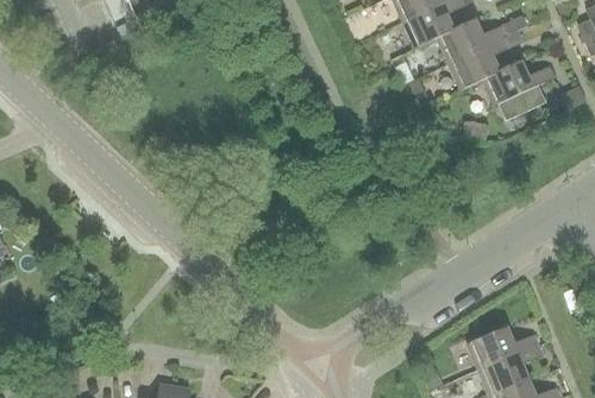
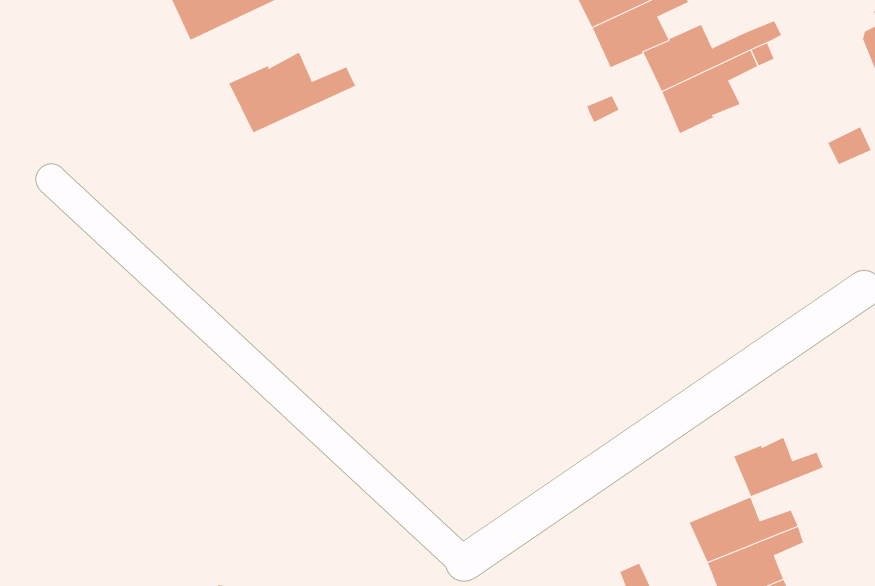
building: none -> [229,52,356,133]
building: [482,61,552,119] -> none
building: none -> [733,437,824,497]

